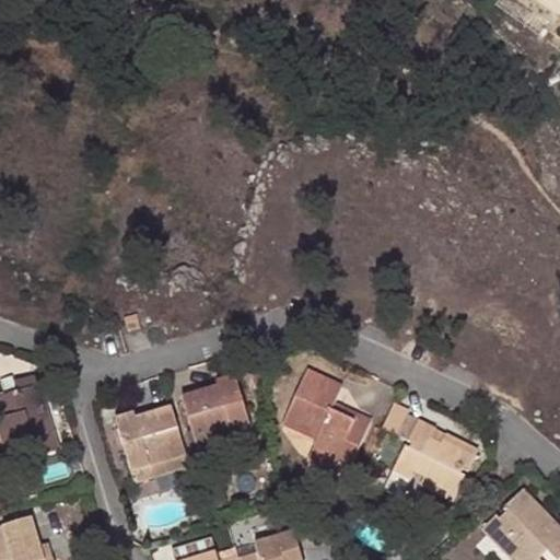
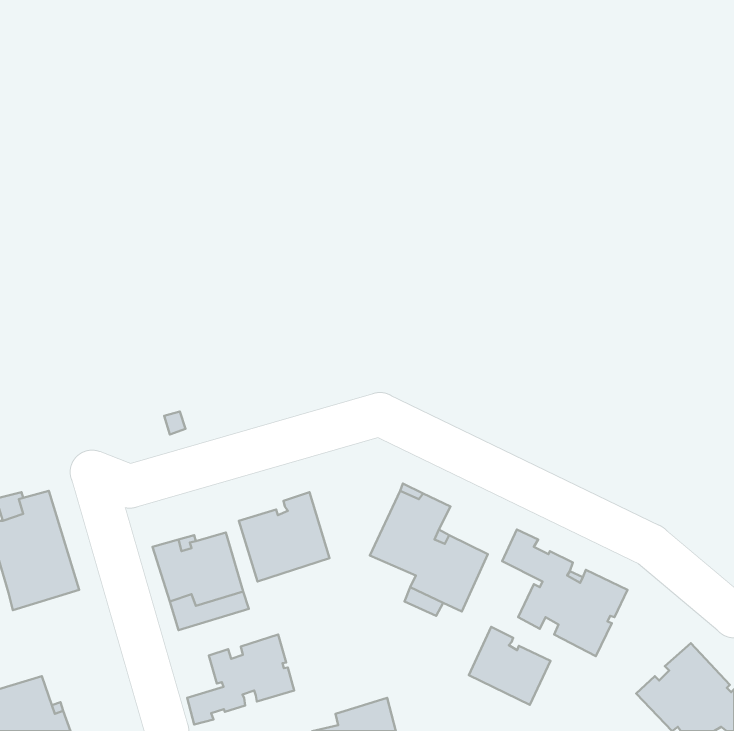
building: none -> [469,627,551,705]
building: none -> [187,634,294,725]

